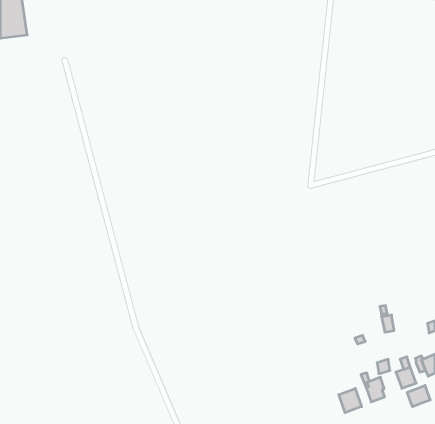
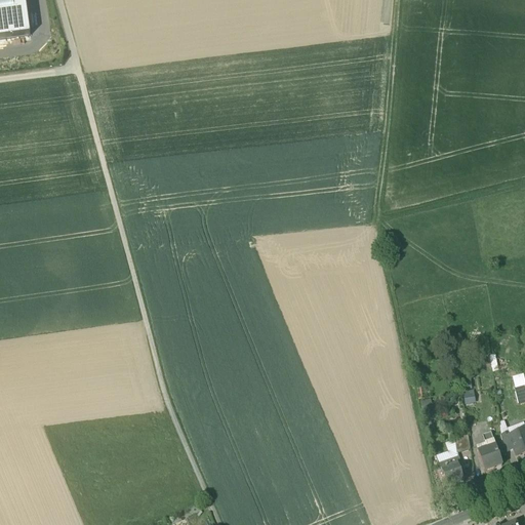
building: [407,385,430,407] -> none
building: [339,388,362,413] -> none

